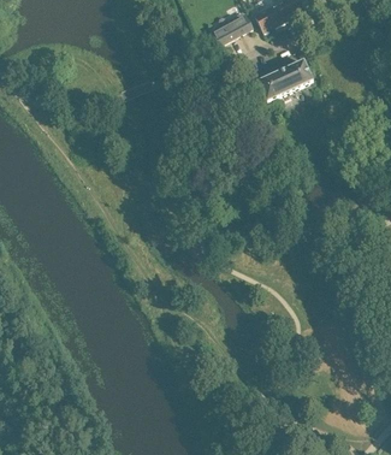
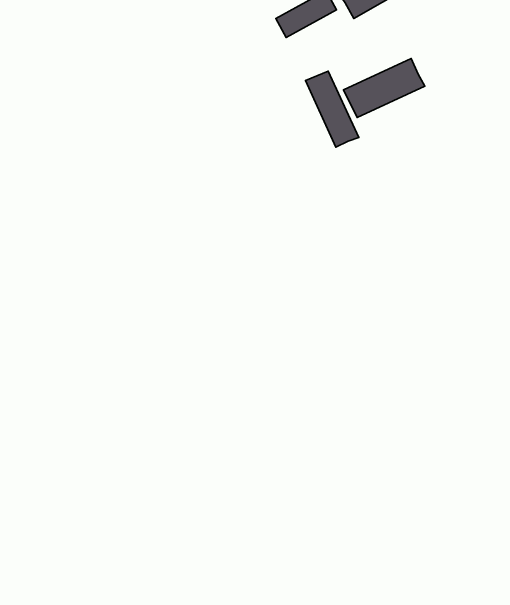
building: none -> [305,71,359,147]

